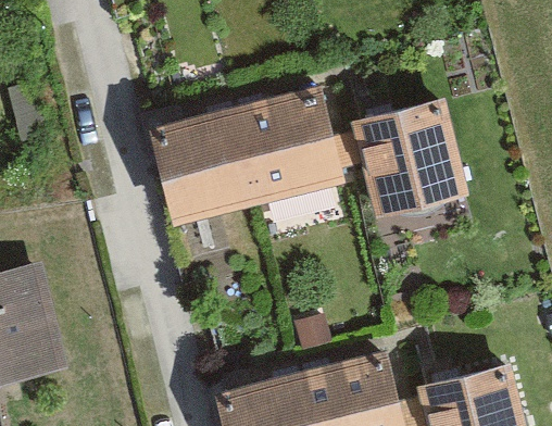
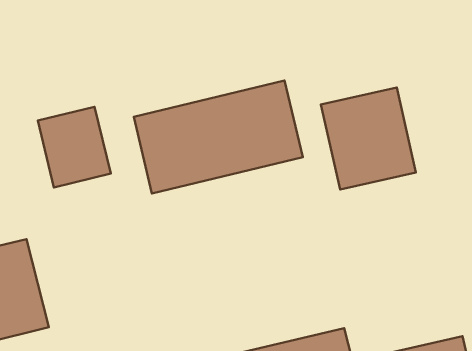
building: none -> [38,107,111,187]

